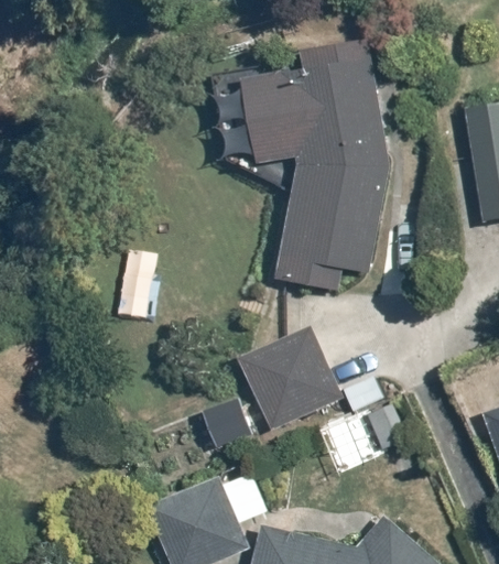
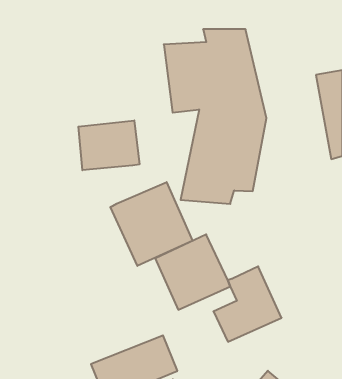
building: none -> [78,120,139,170]
building: none -> [110,182,192,266]

